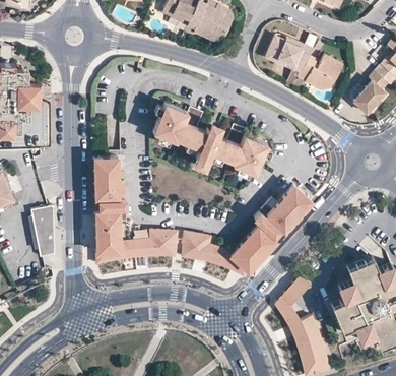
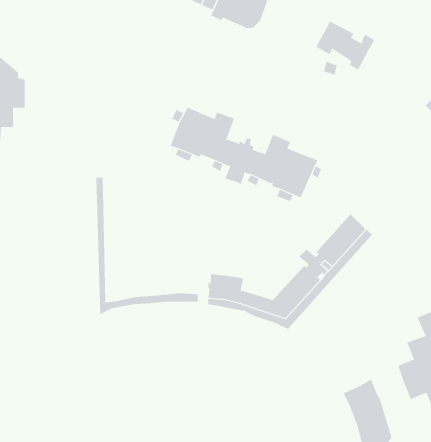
building: [299,57,343,91] -> none
building: [102,158,178,255] -> none
building: [30,205,55,257] -> none
building: [276,273,311,326] -> none

